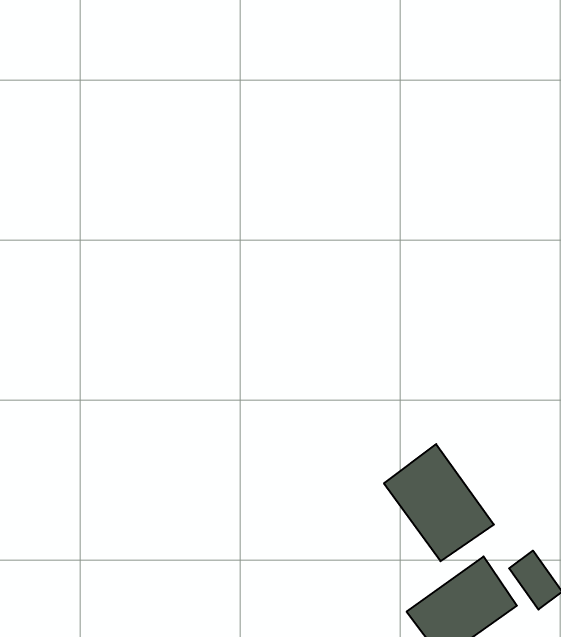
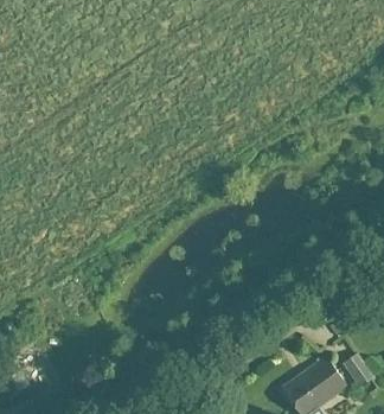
building: [384,444,494,561] -> none

